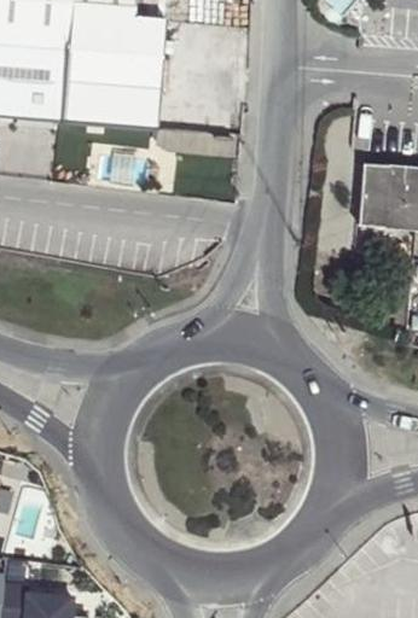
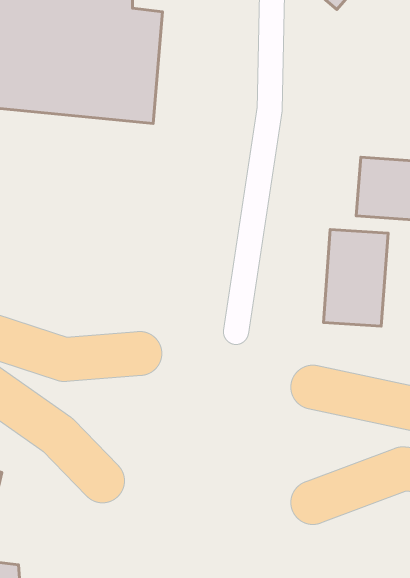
building: none -> [323,229,388,326]

